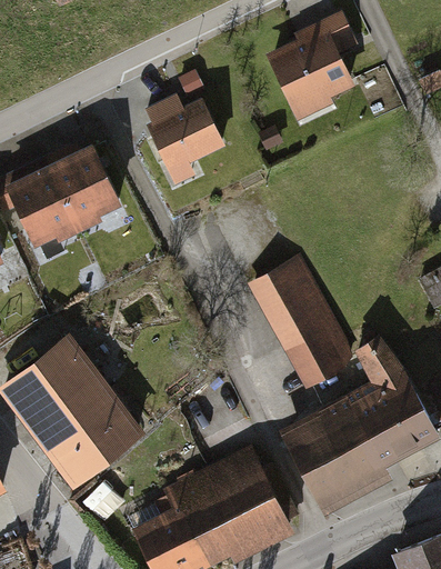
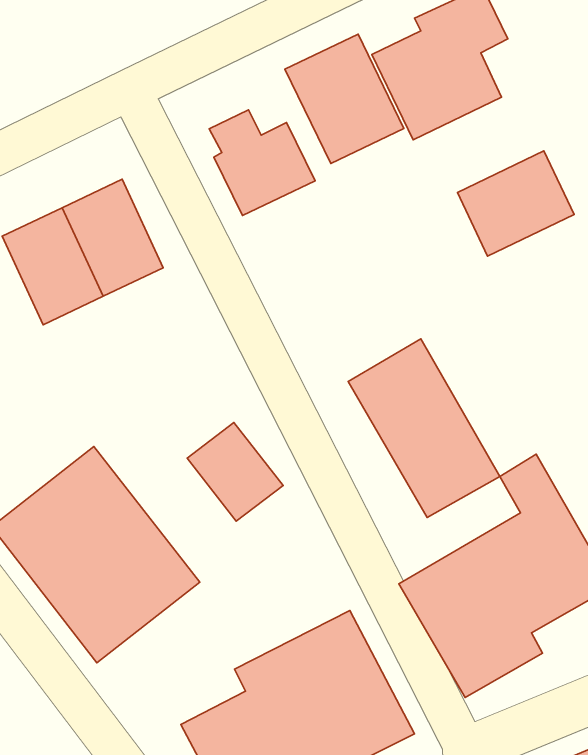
building: none -> [285,34,404,164]
building: none -> [458,151,574,256]
building: none -> [187,422,283,521]

